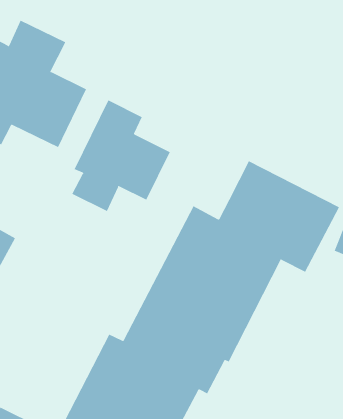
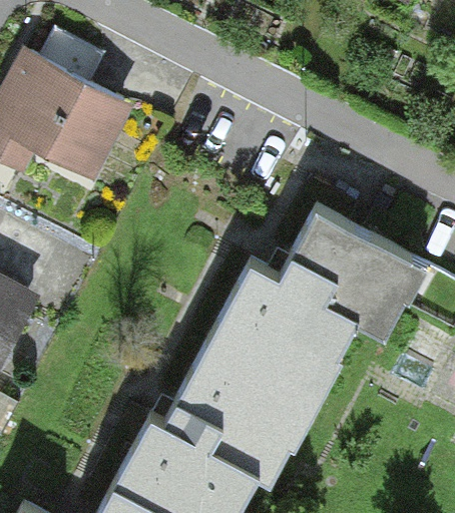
building: [71,100,170,212] -> none

